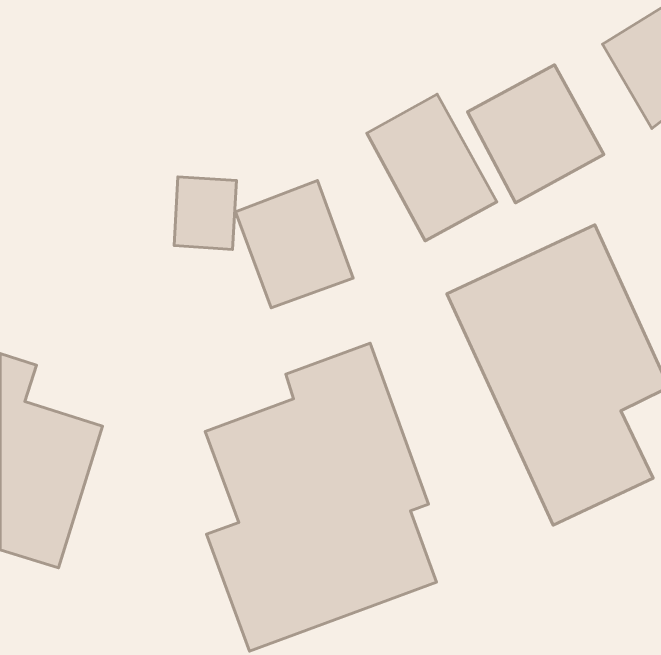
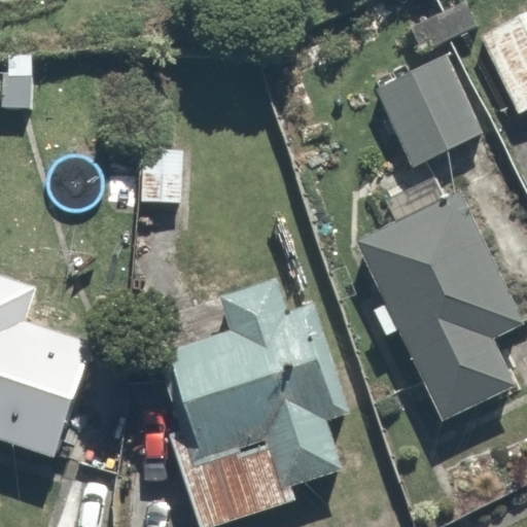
building: [367,94,497,241] -> none
building: [236,181,353,308] -> none

